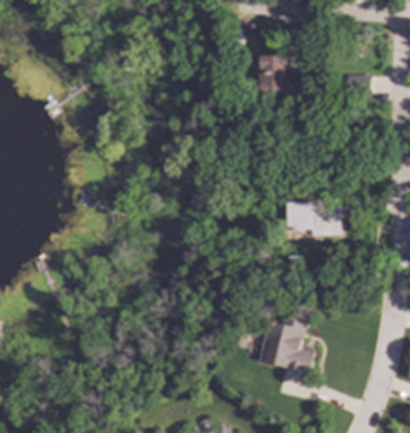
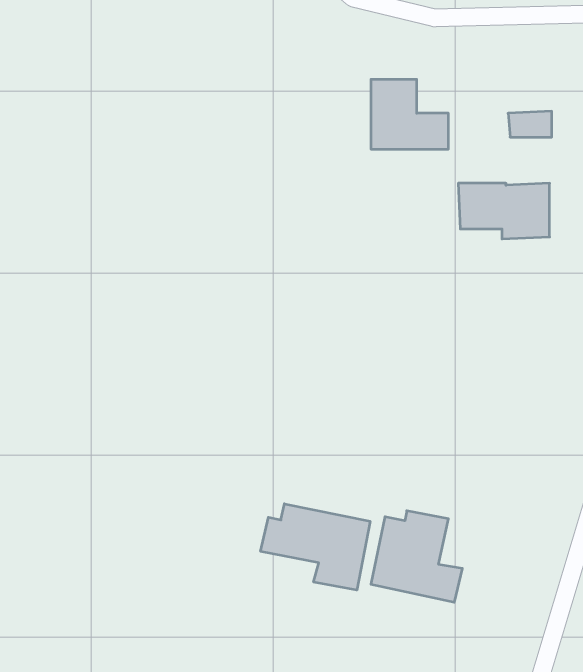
building: [285,201,340,235] -> [458,183,550,239]
building: none -> [261,504,370,590]

